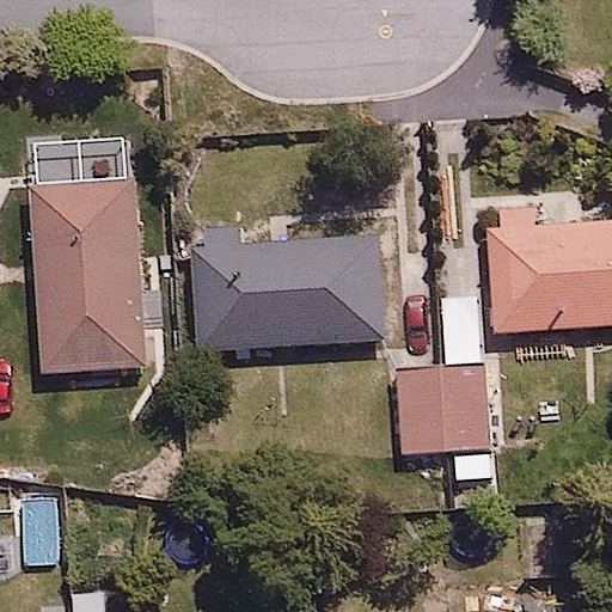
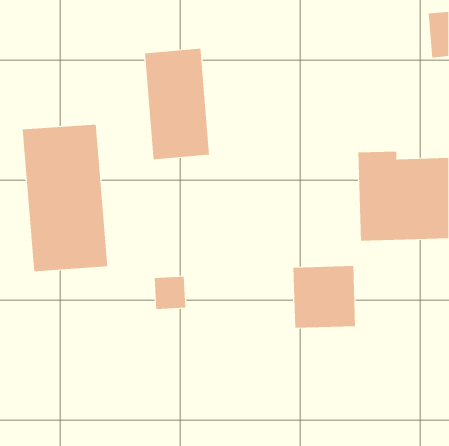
building: none -> [145,48,209,160]
building: [194,219,387,353] -> none

